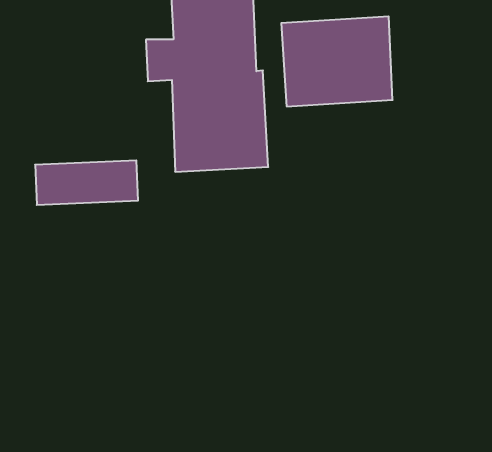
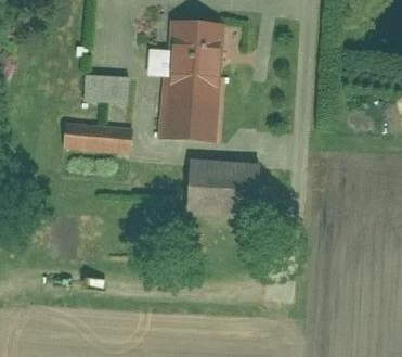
building: [281,16,393,106] -> [185,158,261,219]
building: none -> [81,73,127,102]

